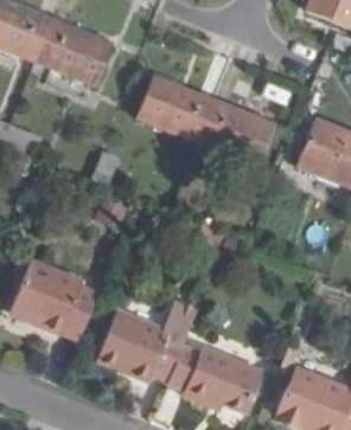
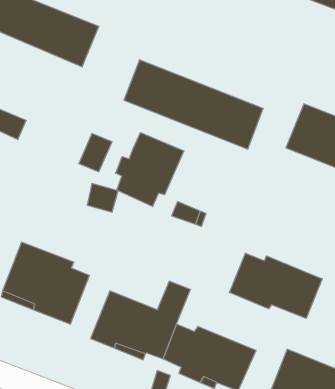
building: none -> [116,133,184,207]
building: none -> [229,253,322,318]

